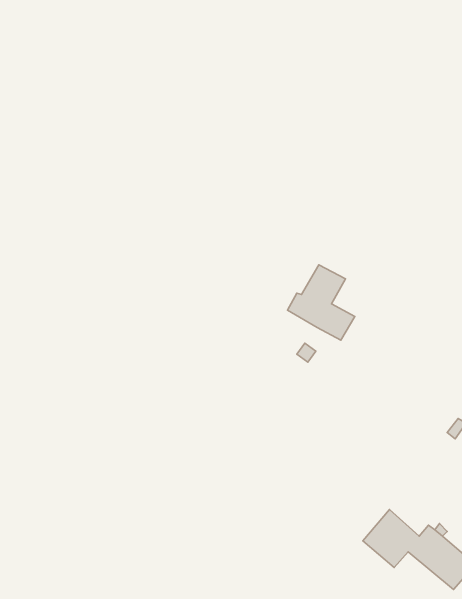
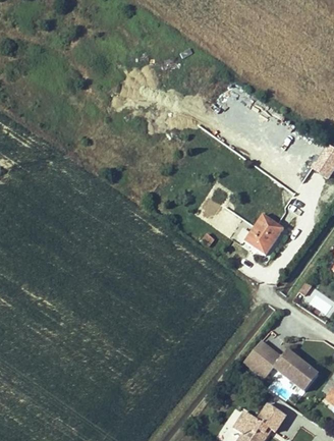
building: none -> [244,214,284,255]

